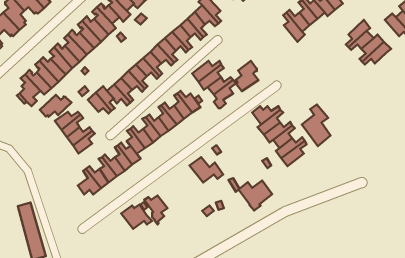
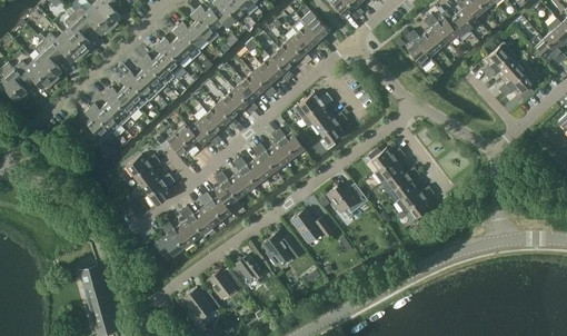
building: [236,61,258,91] -> none
building: [40,95,71,117] -> none
building: [302,104,331,146] -> none
building: none -> [262,233,302,266]
building: [239,180,272,210] -> [327,184,368,220]
building: none -> [183,288,220,319]

